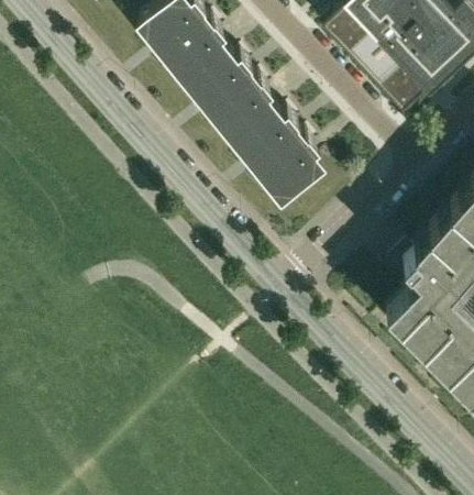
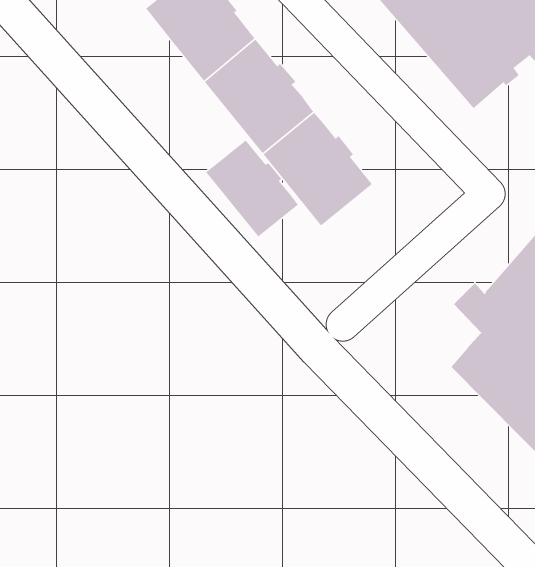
building: none -> [205,139,299,238]

